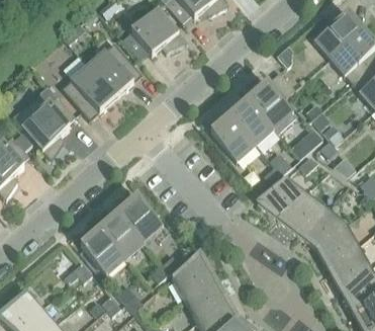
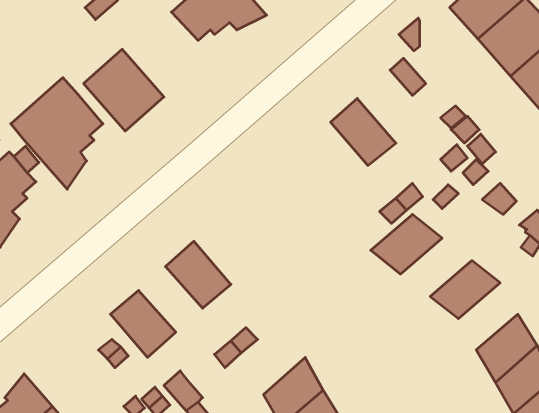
building: [88,42,143,97] -> none
building: [248,82,296,133] -> none
building: [210,114,255,161] -> none
building: [277,193,325,233] -> none
building: [99,213,143,257] -> none
building: [316,224,357,269] -> none
building: [171,252,212,300] -> none

